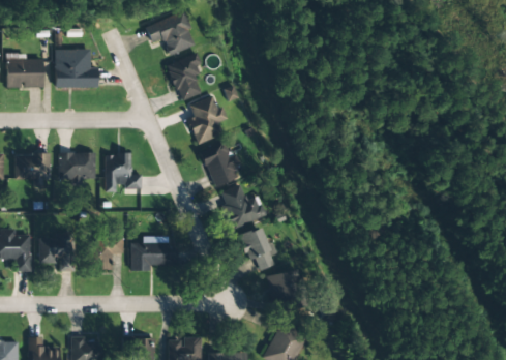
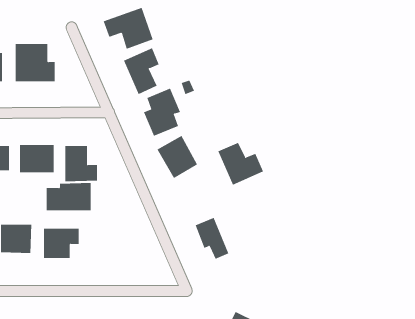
building: [218,184,266,229] -> [217,142,264,186]
building: [129,238,176,267] -> [46,183,91,211]
building: [266,269,301,302] -> none

